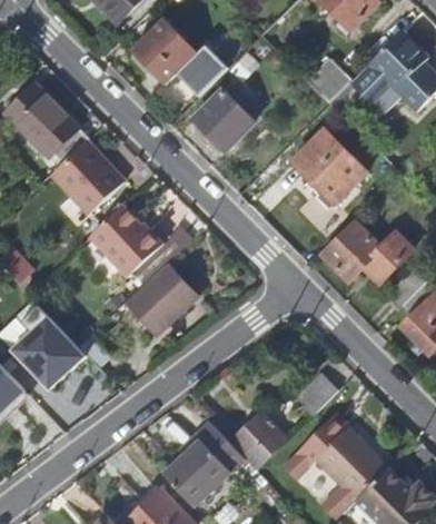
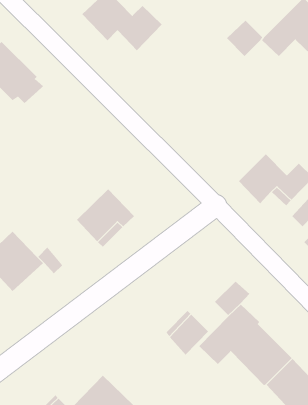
building: [194,91,255,151] -> none
building: [290,128,366,205] -> none
building: [51,141,123,214] -> none
building: [87,205,161,277] -> none
building: [164,419,247,508] -> none

